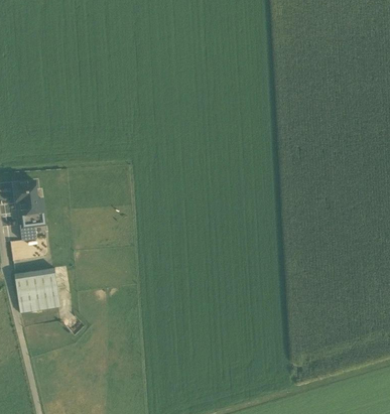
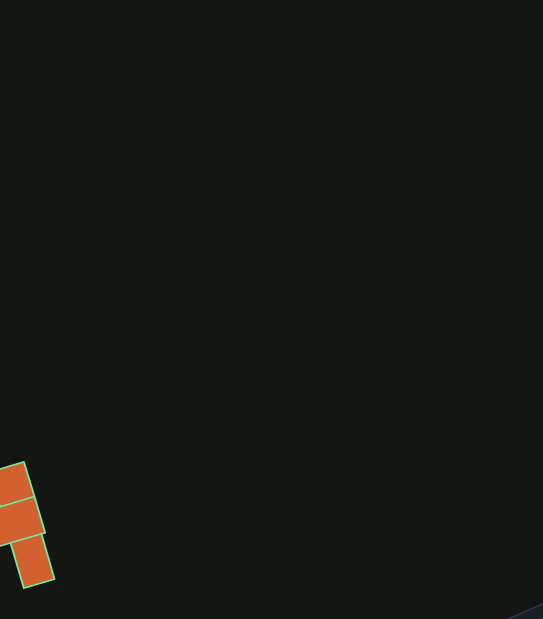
building: none -> [11,534,55,588]

